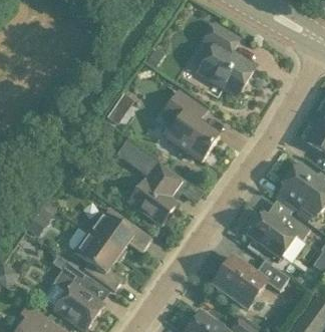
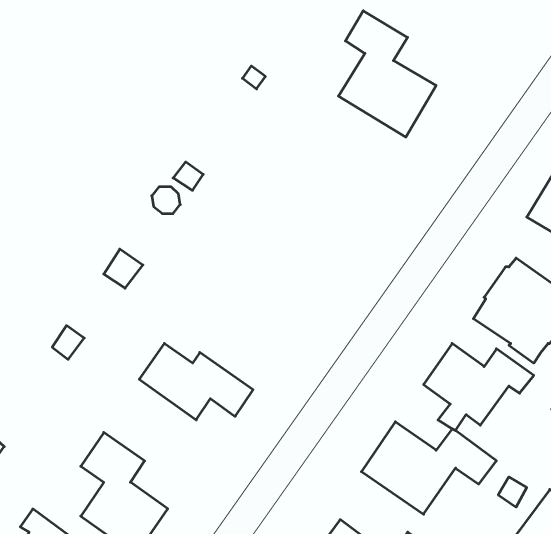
building: [162,90,219,160] -> none
building: [116,138,183,224] -> none
building: [68,227,122,290] -> none

